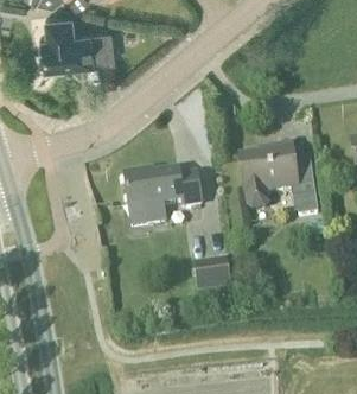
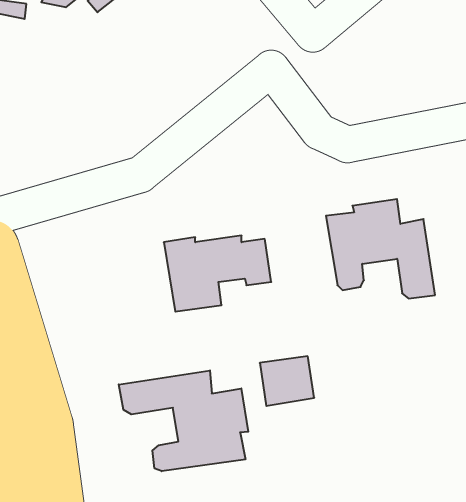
building: [40,18,115,70] -> none
building: none -> [119,370,248,471]

